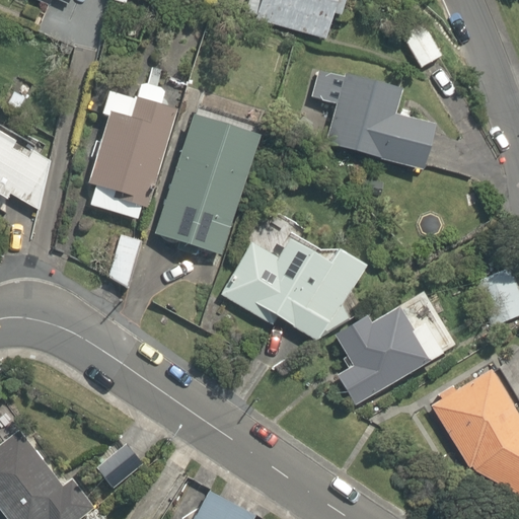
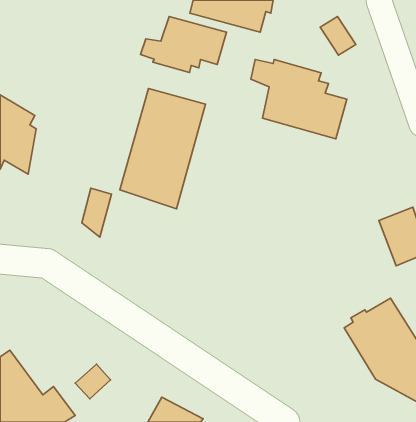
building: none -> [140,16,226,72]
building: [88,81,176,220] -> none
building: [222,220,456,407] -> none

